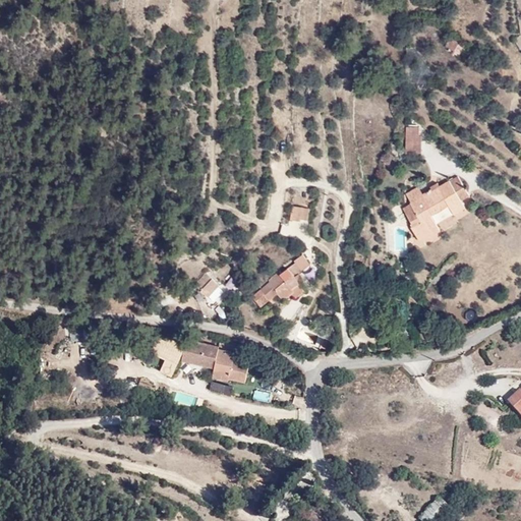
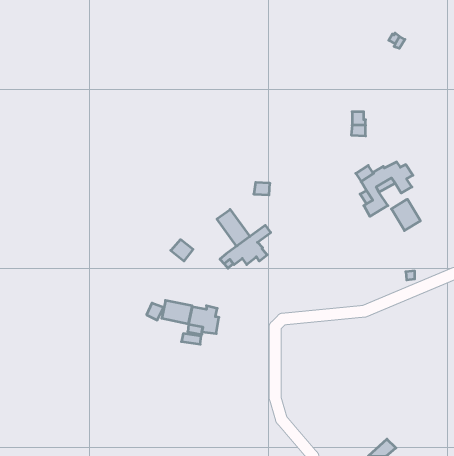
building: none -> [391,199,420,231]
building: none -> [217,209,250,246]

